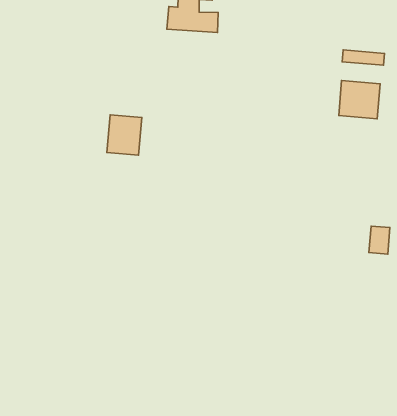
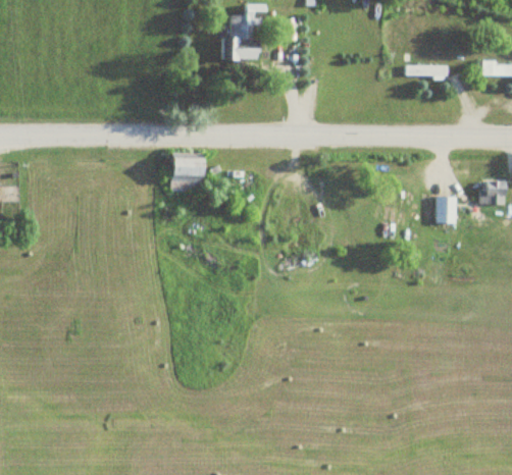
building: [339,81,380,119] -> none
building: [369,226,390,254] -> [437,195,456,222]

